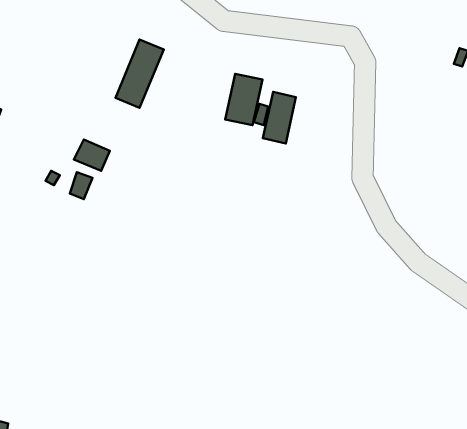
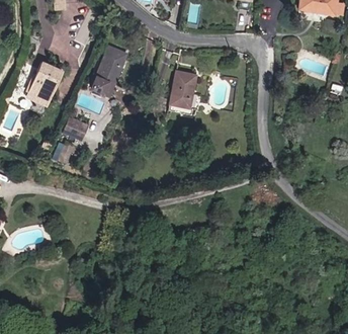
building: none -> [27,61,63,103]
building: [263,92,296,144] -> none

